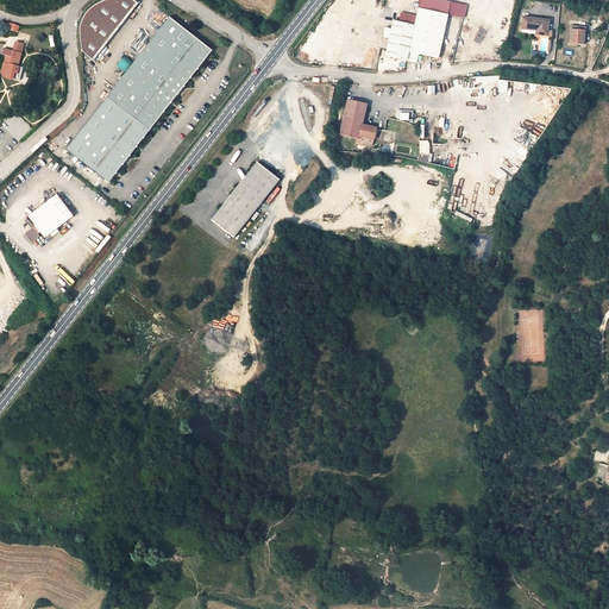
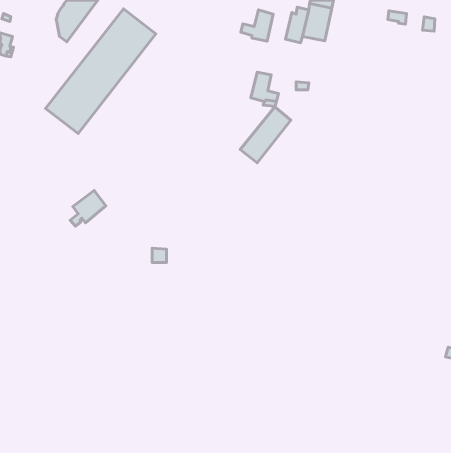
building: none -> [241,10,273,41]
building: [211,162,278,237] -> [240,107,291,163]
building: [25,194,73,241] -> [70,191,106,226]

